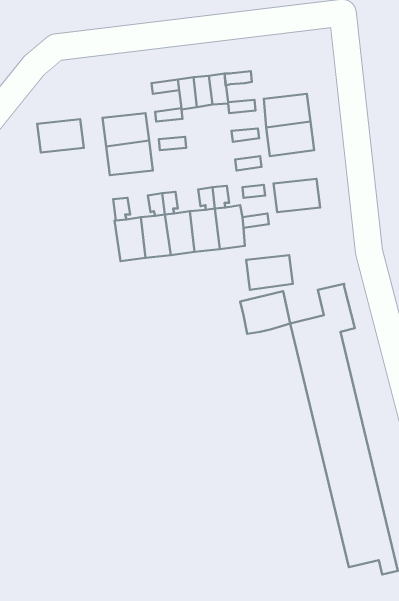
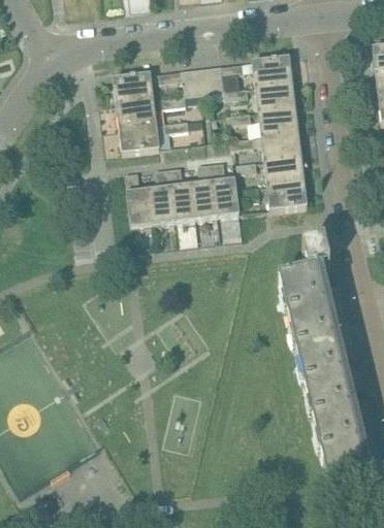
building: none -> [253,56,293,86]
building: [37,119,84,153] -> [114,73,154,102]
building: none -> [261,130,301,159]
building: [246,255,293,290] -> [267,179,308,209]
building: [240,291,290,334] -> none

